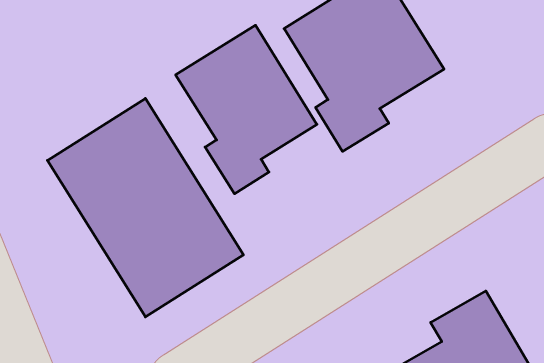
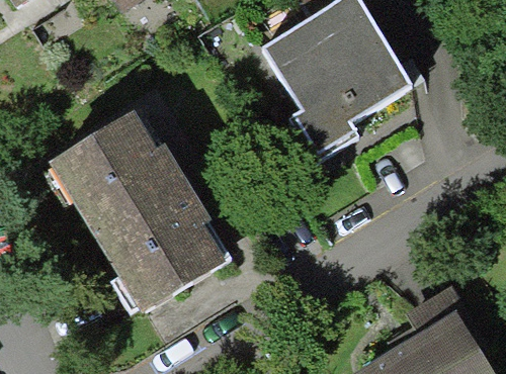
building: [176,25,317,194] -> none

